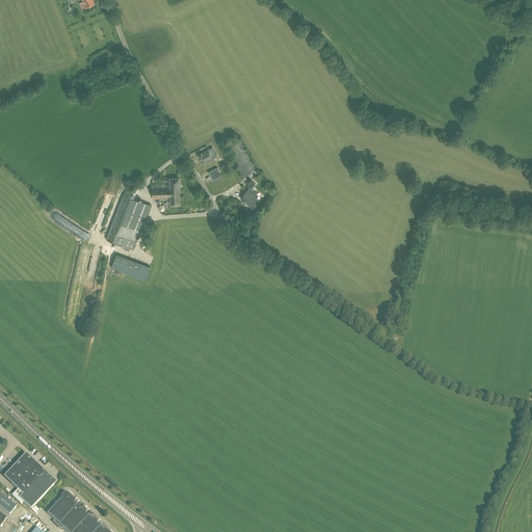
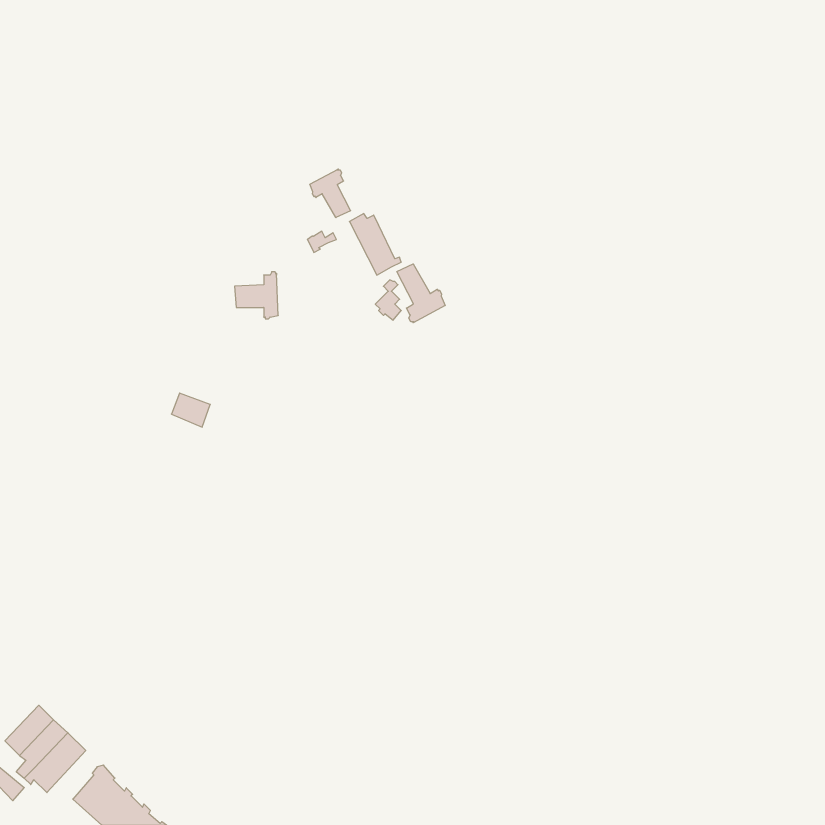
building: none -> [310,169,351,218]
building: none -> [397,264,445,323]
building: [105,188,150,248] -> none

